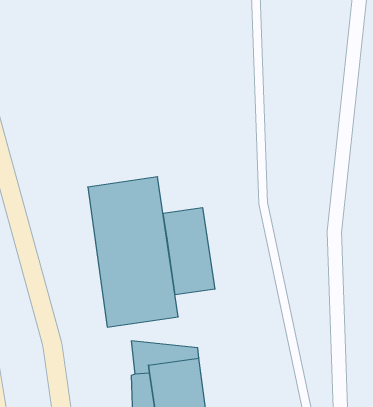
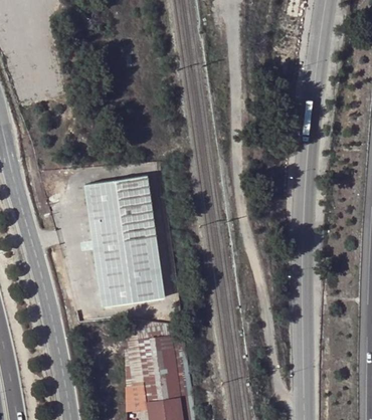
building: [163,208,215,295] -> none

